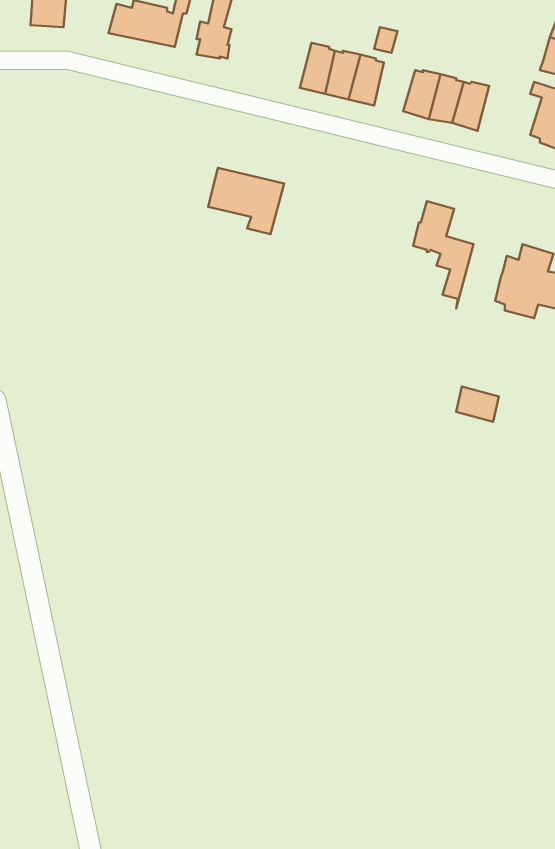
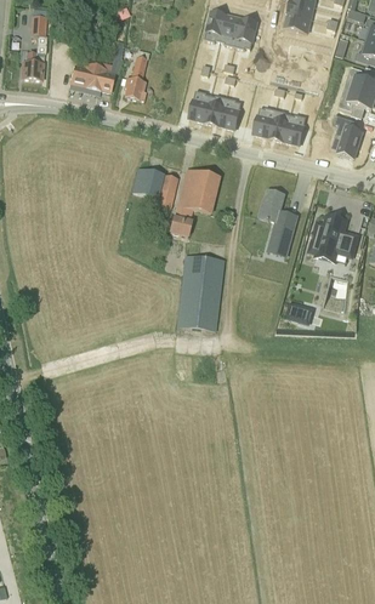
building: none -> [171,169,221,237]
building: none -> [177,255,225,331]

